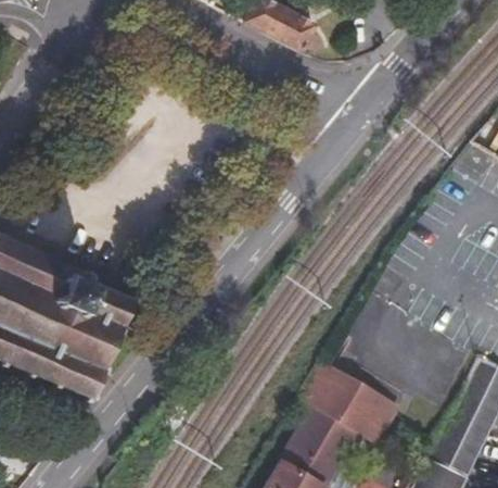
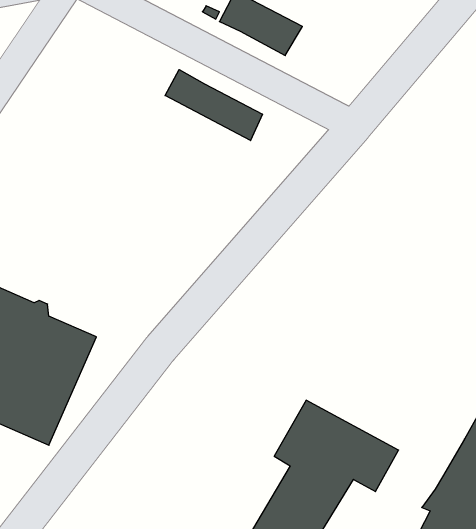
building: none -> [165,70,262,141]

